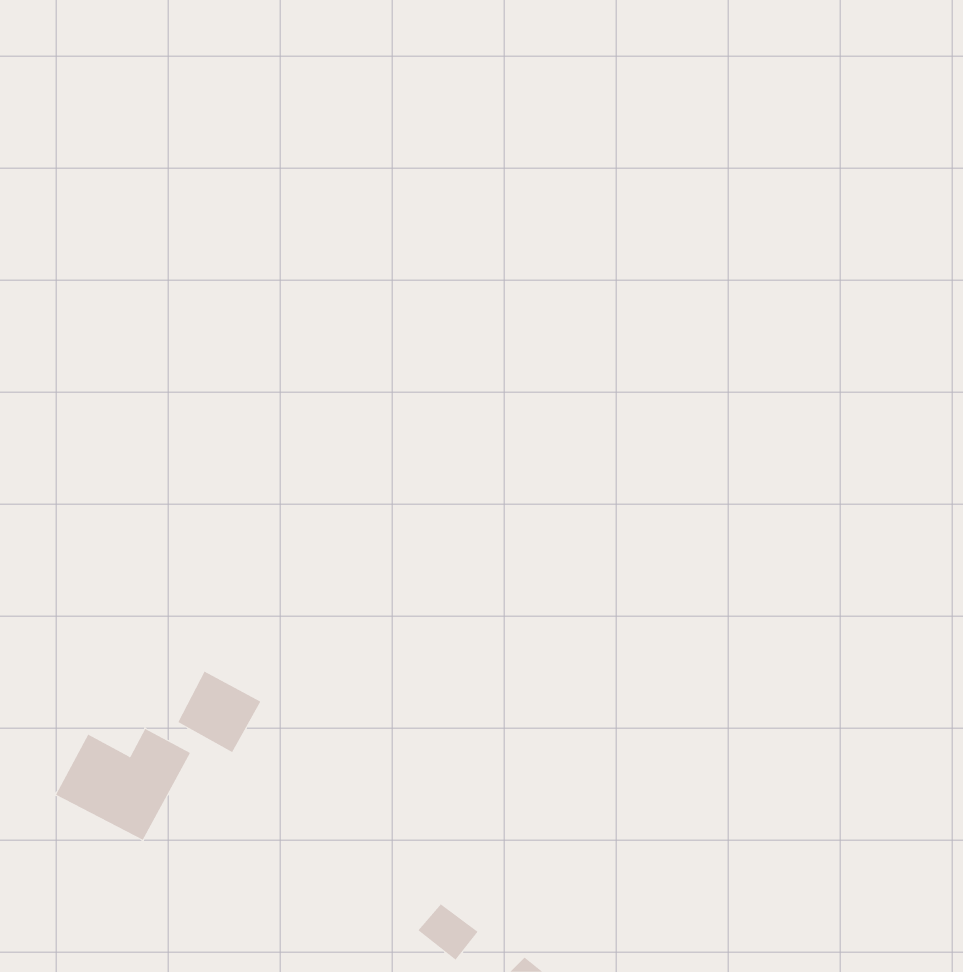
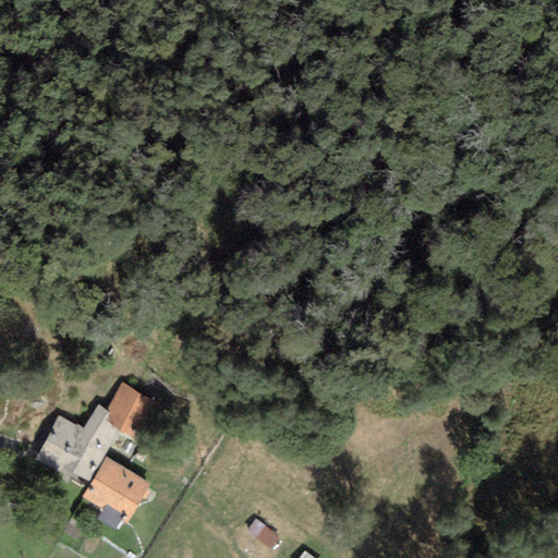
building: none -> [87,462,148,522]

